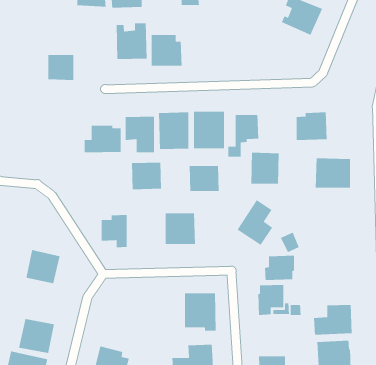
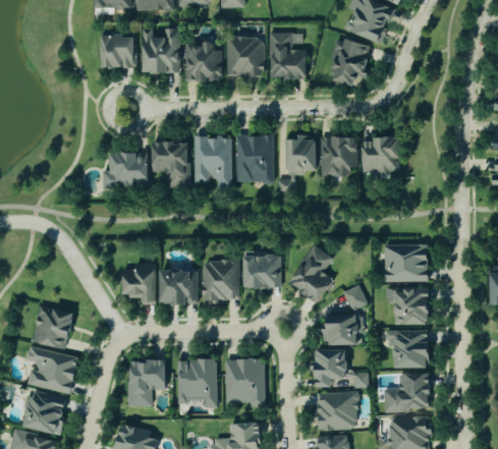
building: none -> [270,33,308,79]
building: none -> [226,37,265,77]
building: none -> [331,39,371,87]
building: [48,54,74,81] -> [102,37,134,69]
building: [250,152,280,184] -> [321,137,356,177]
building: [315,158,351,188] -> [385,243,429,281]
building: [131,162,162,190] -> [160,269,198,303]
building: [189,165,220,192] -> [243,255,281,287]
building: none -> [385,287,430,325]
building: none -> [394,330,430,368]
building: none -> [25,345,78,394]
building: none -> [177,358,217,405]
building: none -> [128,359,166,406]
building: none -> [316,392,357,430]

